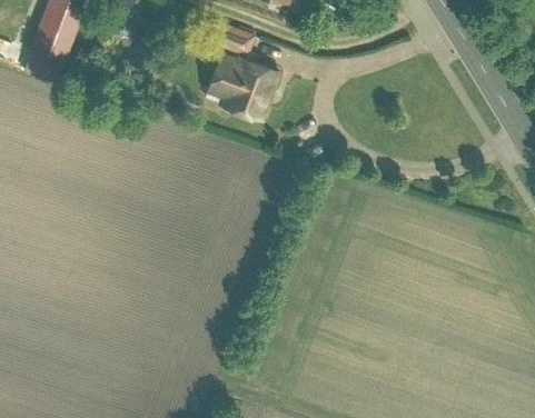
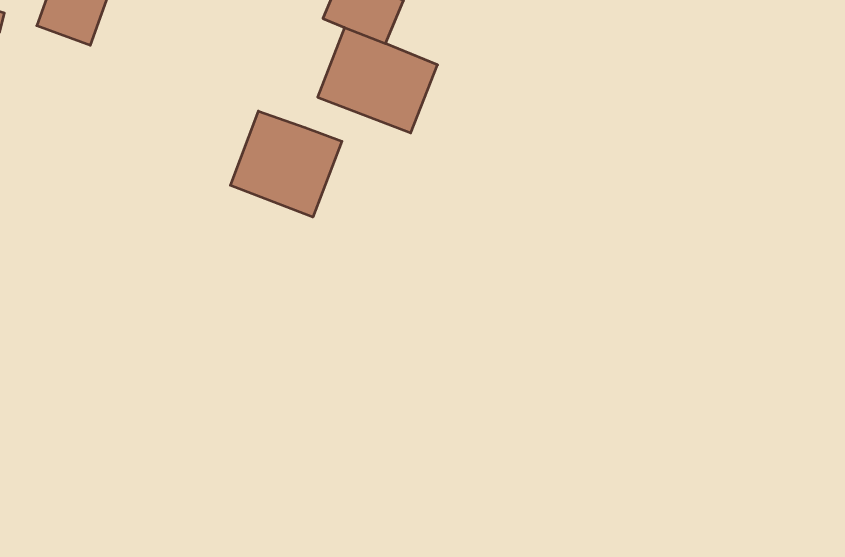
building: none -> [230,111,342,217]

